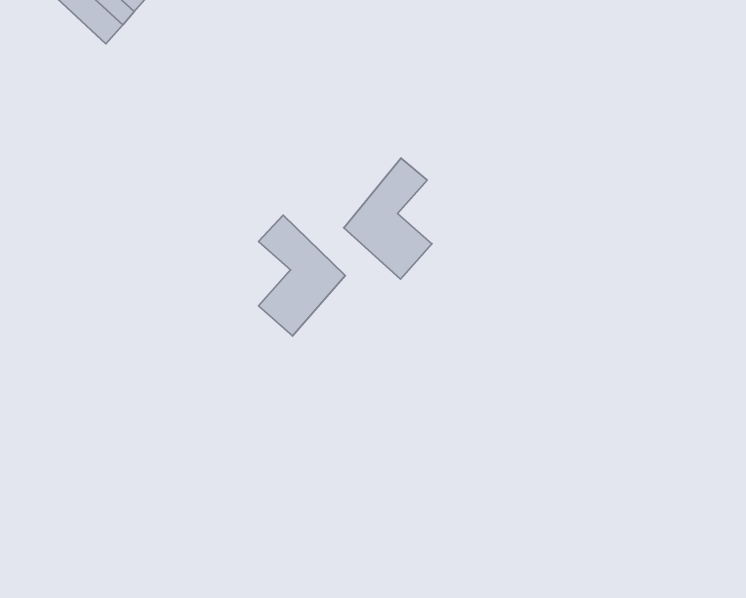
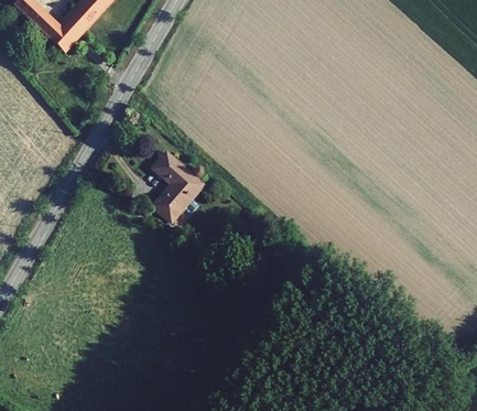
building: [344,158,432,279] -> none

